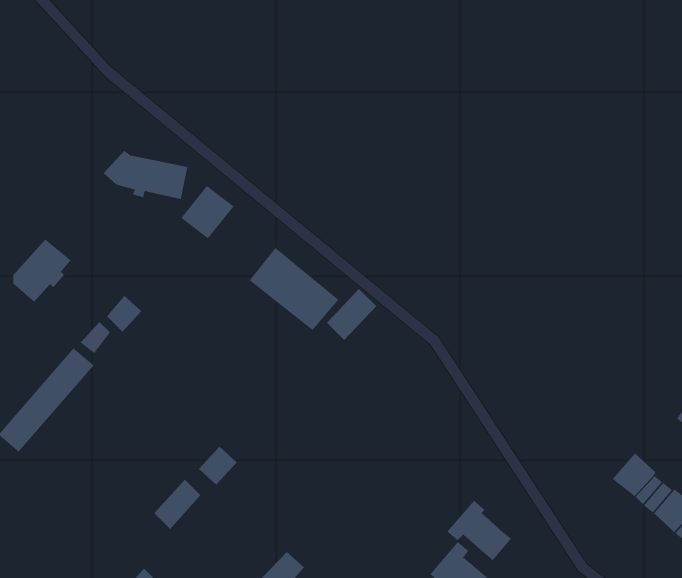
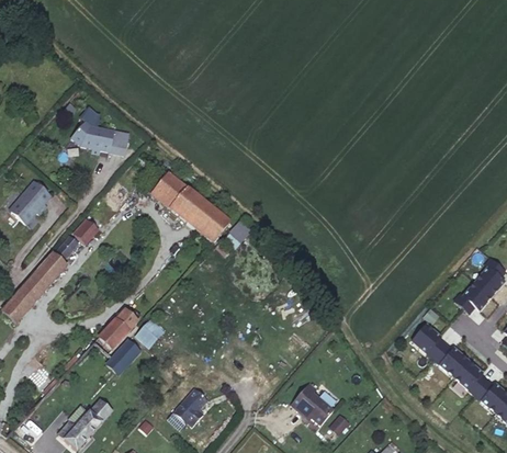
building: [180,185,235,239] -> [150,172,187,208]
building: none -> [98,310,136,350]
building: [447,500,512,561] -> none

